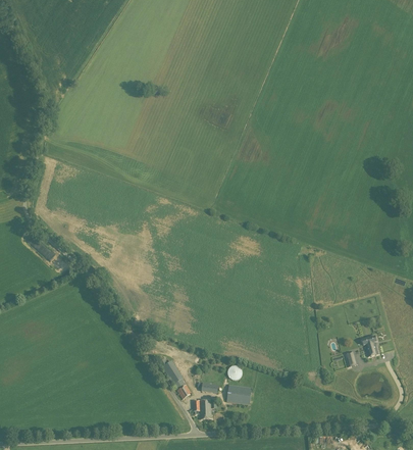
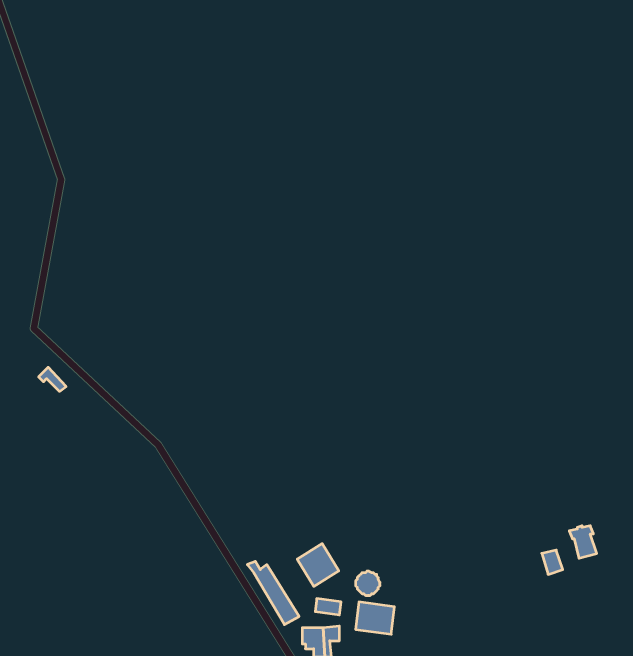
building: none -> [297,544,339,586]

